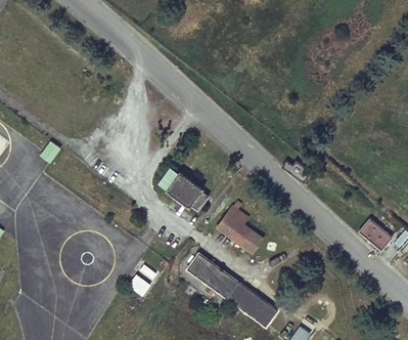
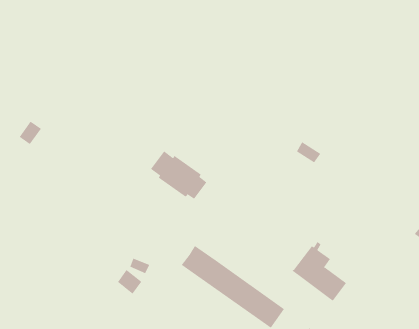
building: [215,201,264,255] -> [292,241,347,302]
building: [360,218,394,251] -> none

